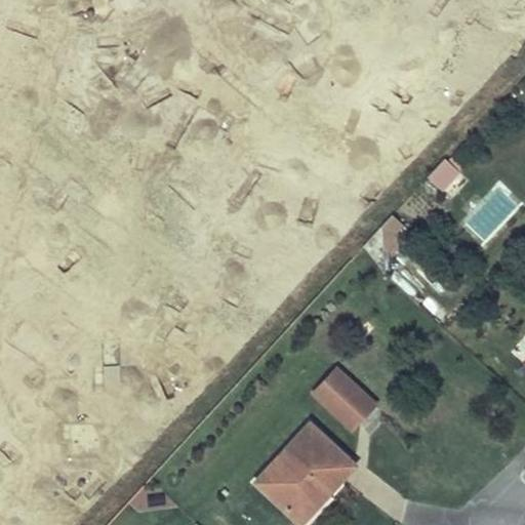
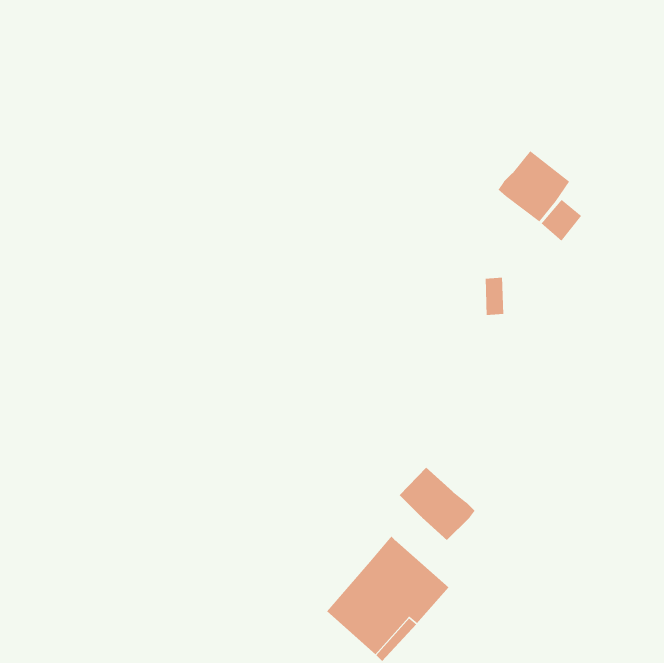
building: none -> [498,150,570,223]

